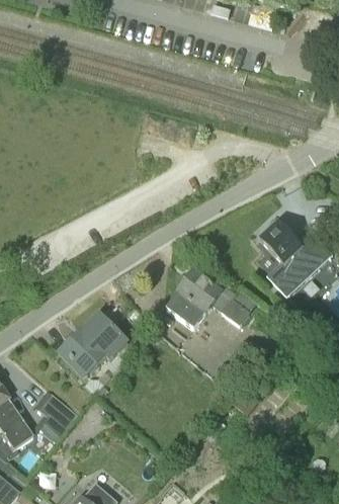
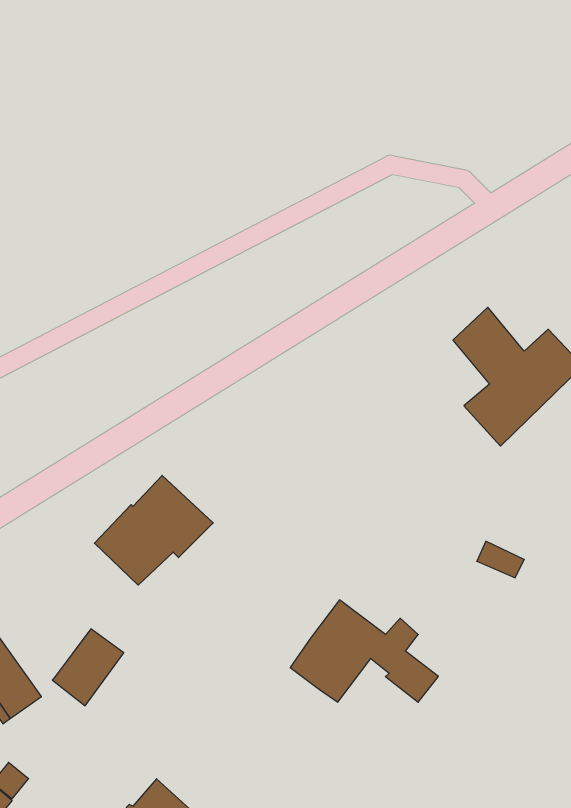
building: [167,270,249,327] -> [290,600,438,702]

